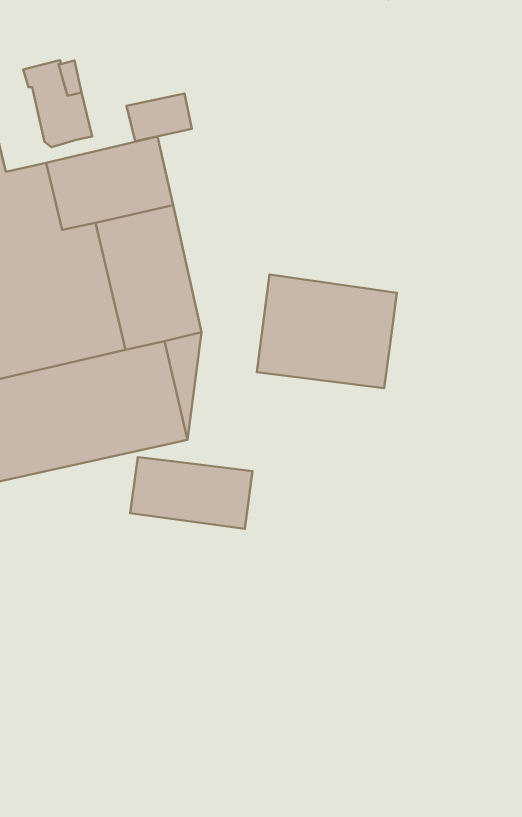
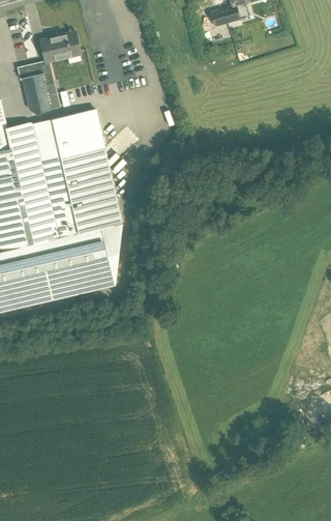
building: [126,94,192,141] -> [41,33,80,61]
building: [257,275,397,388] -> none
building: [130,457,252,529] -> none

